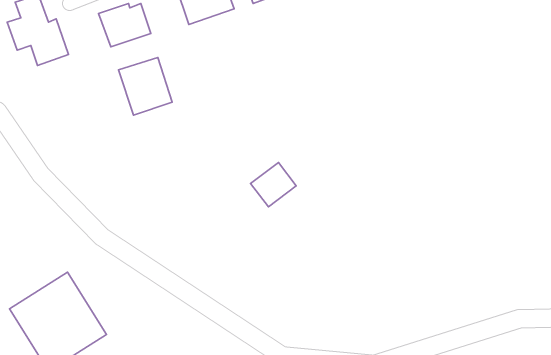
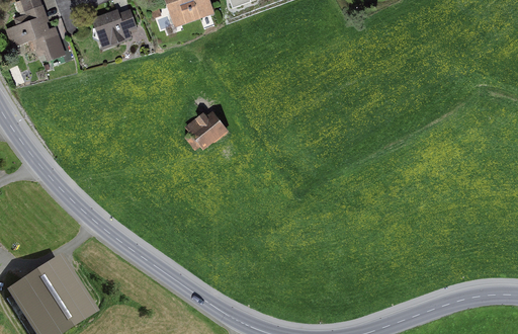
building: [118,58,172,115] -> none
building: [251,162,296,207] -> [186,110,228,151]

